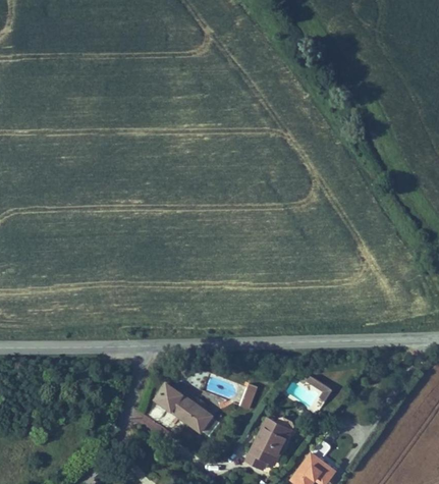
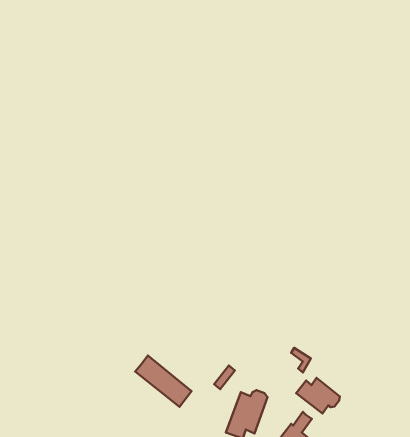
building: none -> [296,378,340,413]

